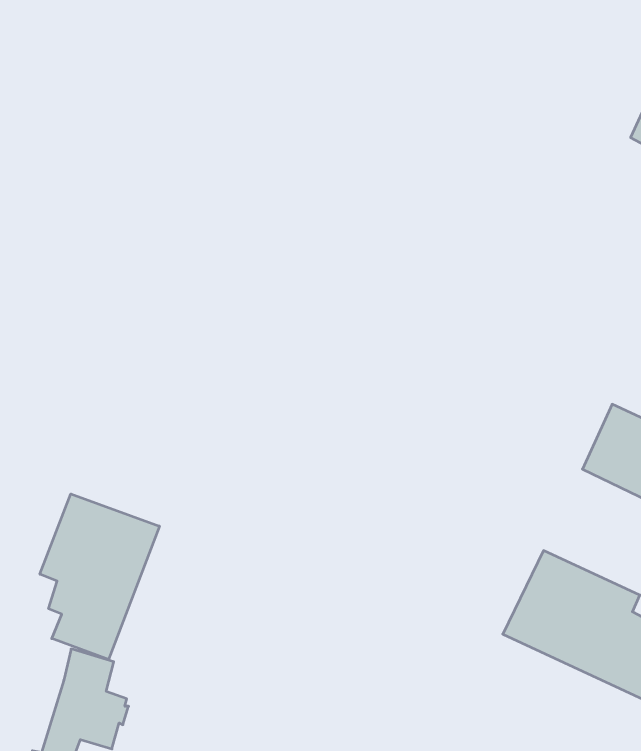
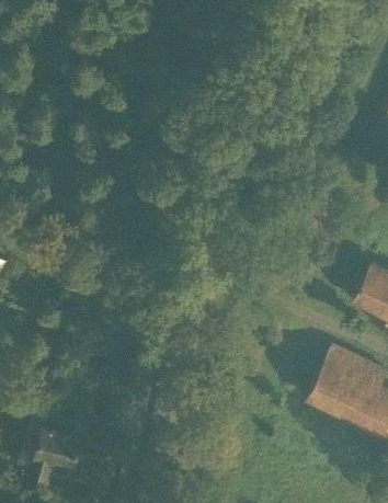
building: [40,494,159,659] -> none

